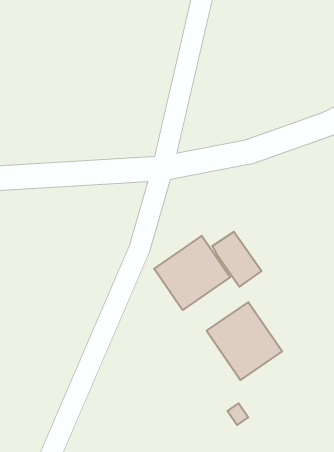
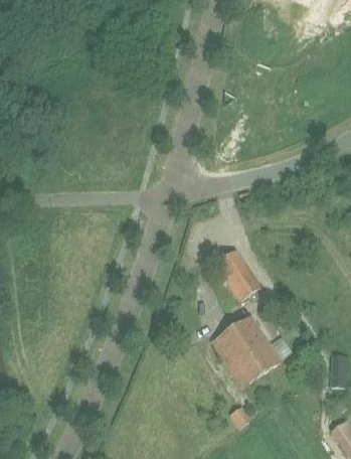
building: [154,236,230,310] -> none

